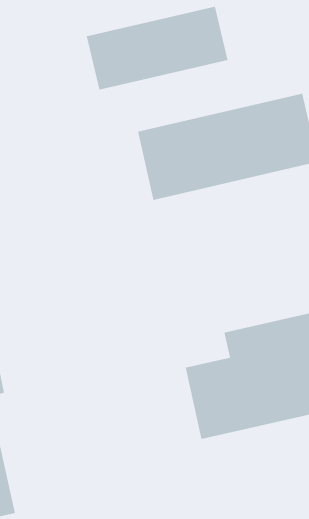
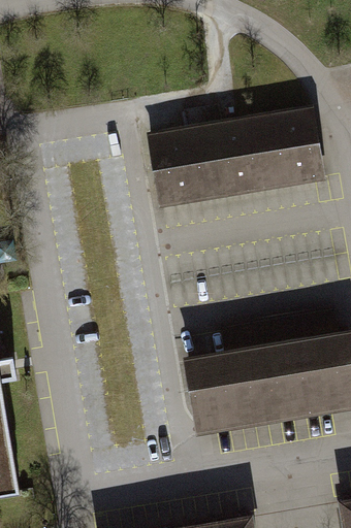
building: [86,6,228,91] -> none

